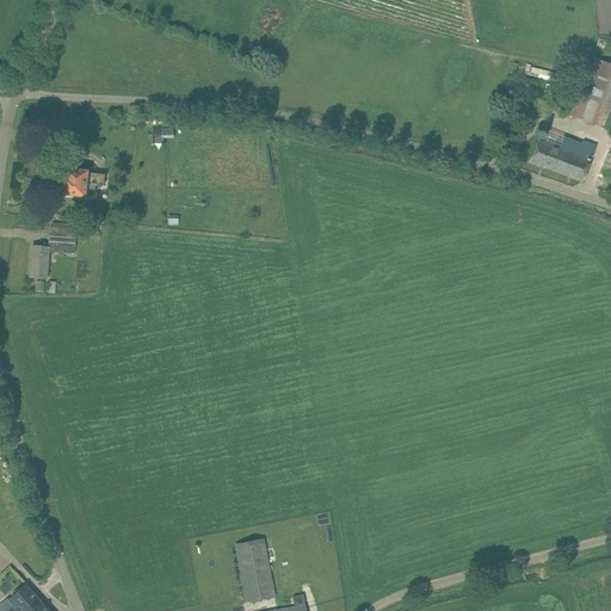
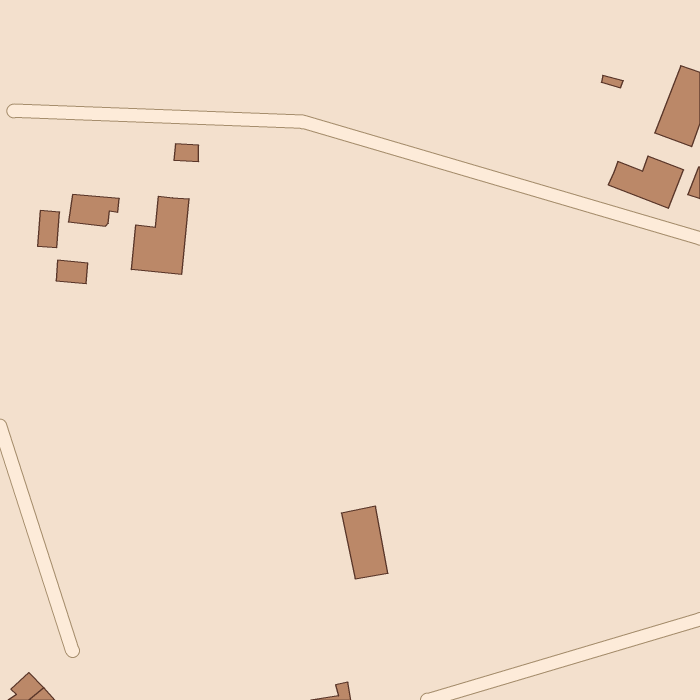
building: none -> [131,196,189,274]
building: [30,246,49,278] -> [38,211,60,248]
building: [234,538,274,601] -> [341,506,388,579]

